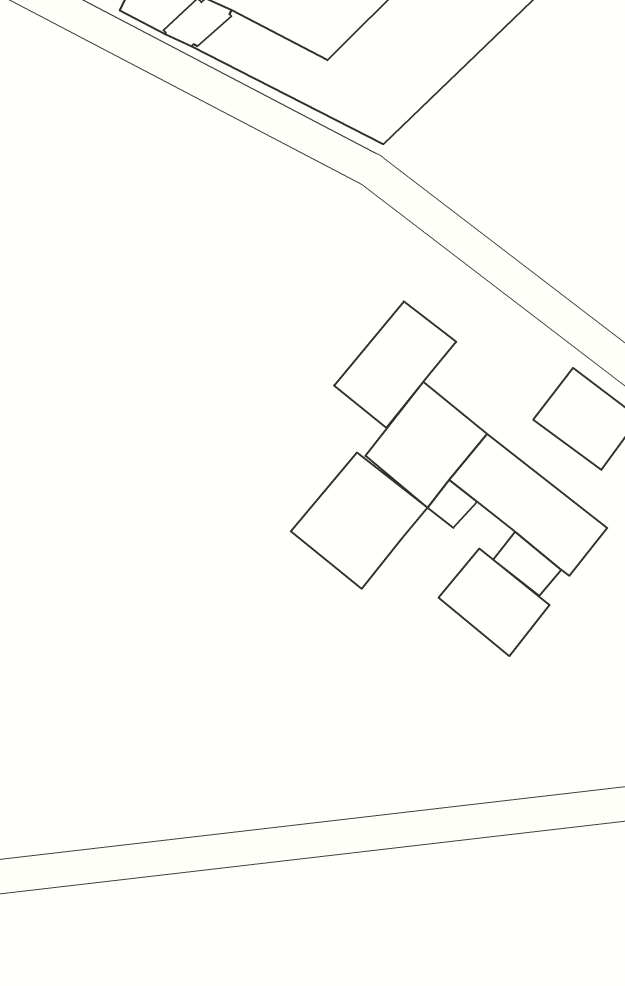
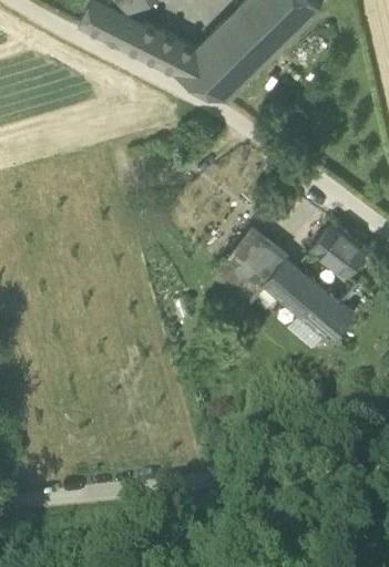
building: [334,301,456,428] -> none
building: [291,453,427,589] -> none
building: [439,549,550,656] -> none

